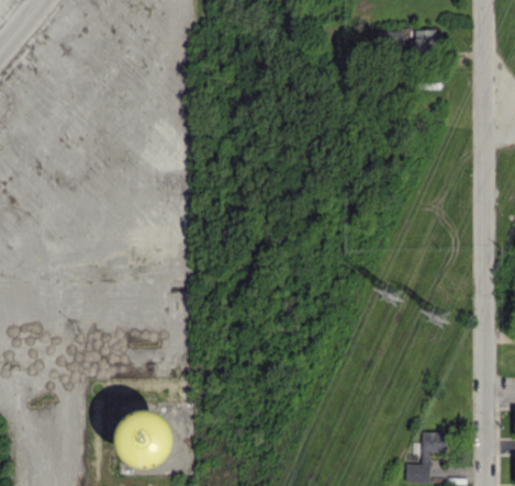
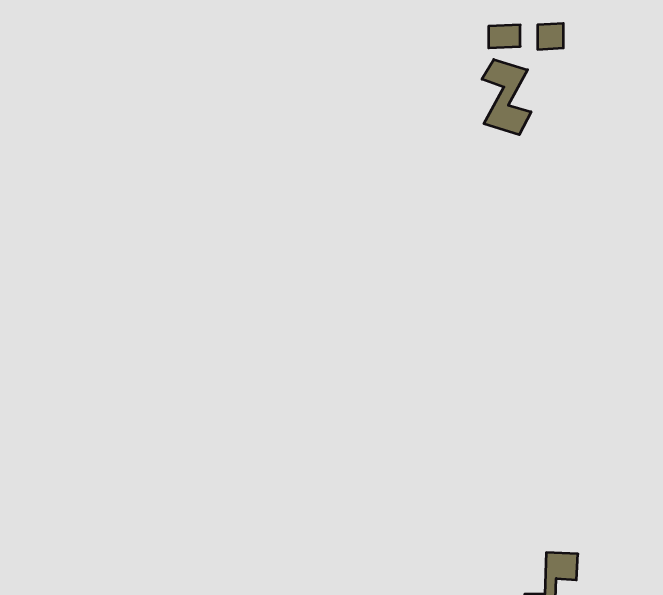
building: none -> [482,59,531,135]

